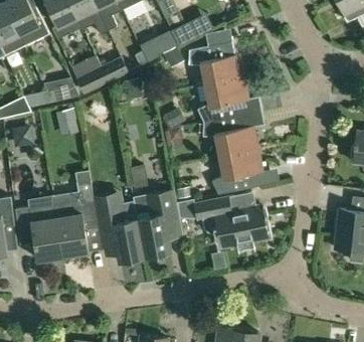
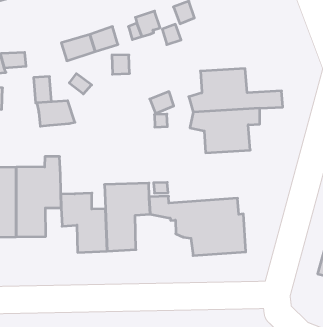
building: [188,29,243,86] -> none
building: [43,77,79,104] -> [37,101,75,126]
building: [211,149,260,195] -> none

